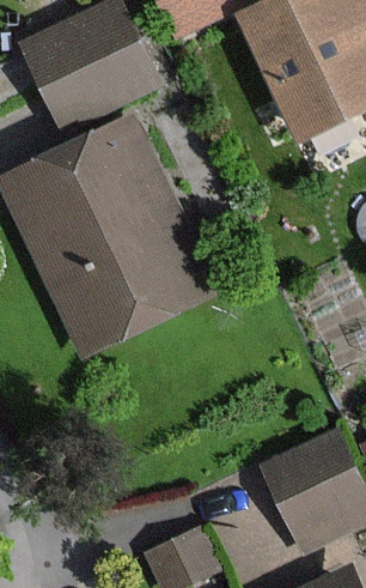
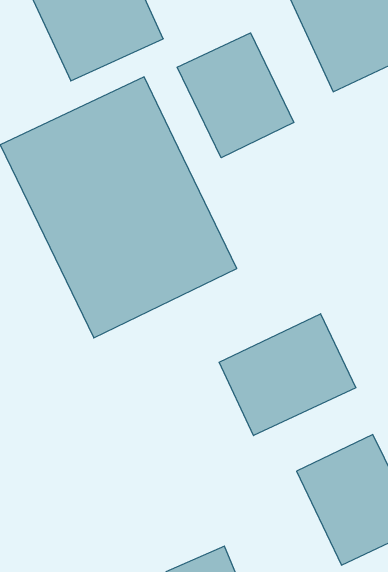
building: none -> [177,33,294,158]
building: none -> [219,314,356,436]

